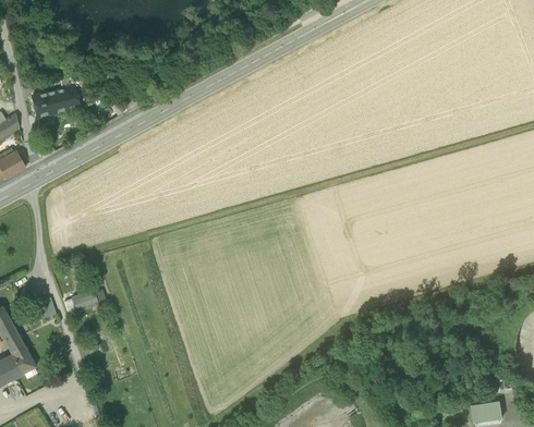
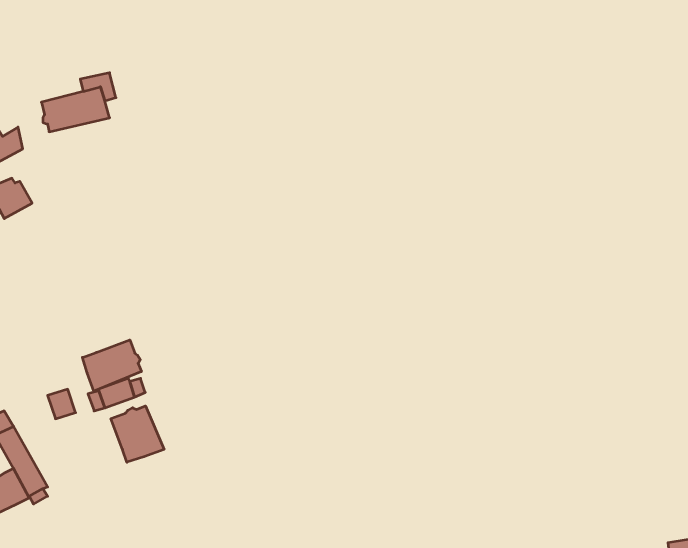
building: none -> [82,340,141,391]
building: none -> [111,406,164,462]

